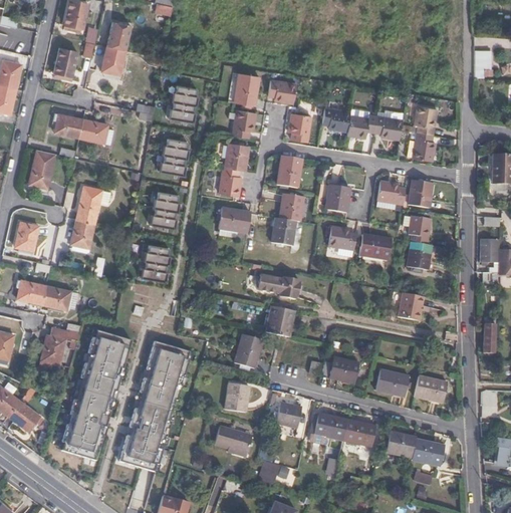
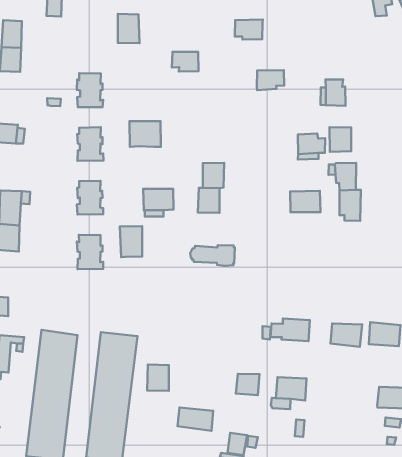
building: [235,72,260,104] -> [118,14,139,43]
building: [321,104,351,127] -> [235,19,263,39]
building: [414,105,437,135] -> none
building: [233,107,255,136] -> none
building: [290,107,312,138] -> none
building: [374,109,404,140] -> none
building: [277,155,302,188] -> none
building: [219,166,241,195] -> none
building: [324,184,350,212] -> none
building: [328,227,356,250] -> none
building: none -> [120,226,142,257]
building: [400,291,425,319] -> none
building: [264,304,294,335] -> none
building: [236,334,264,367] -> none
building: [225,383,250,413] -> [147,365,169,391]
building: [342,420,376,448] -> none
building: [387,433,417,458] -> none

